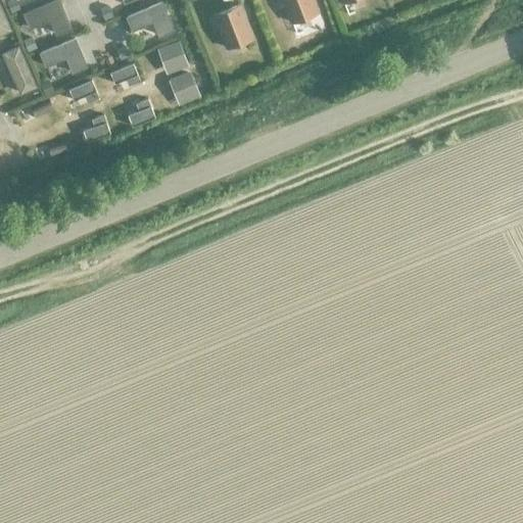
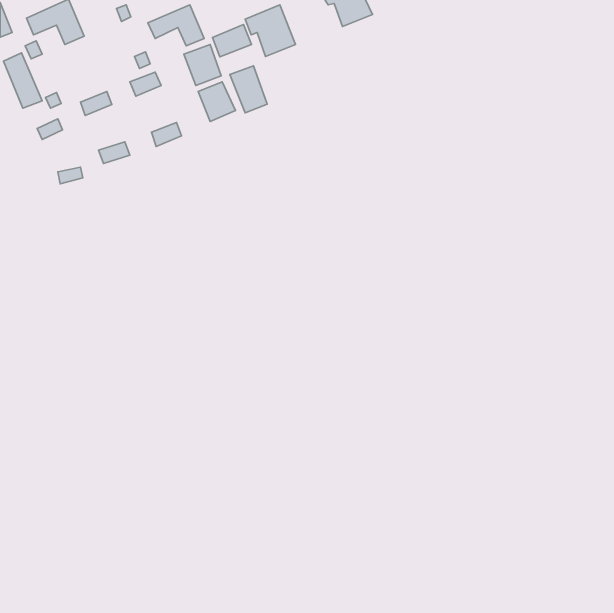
building: none -> [212,25,251,57]
building: [38,39,87,76] -> none
building: none -> [230,66,267,113]

